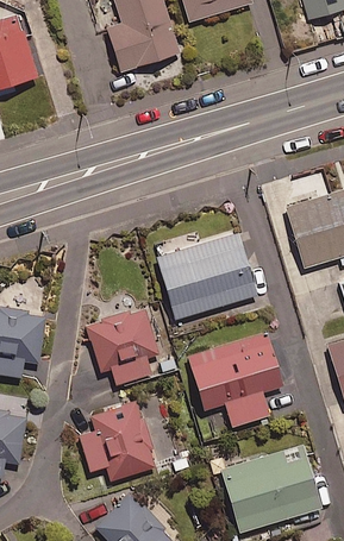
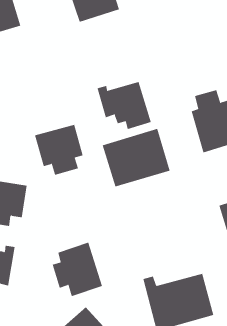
building: none -> [97,81,152,130]
building: [86,307,158,383] -> [34,124,84,176]
building: [187,331,282,423] -> none

